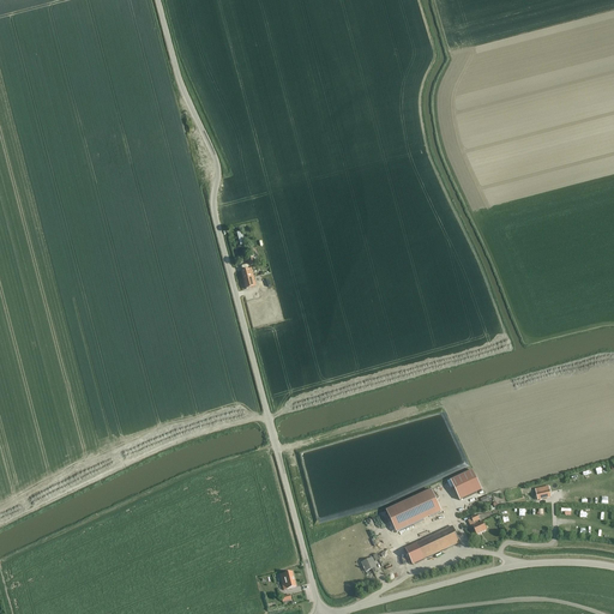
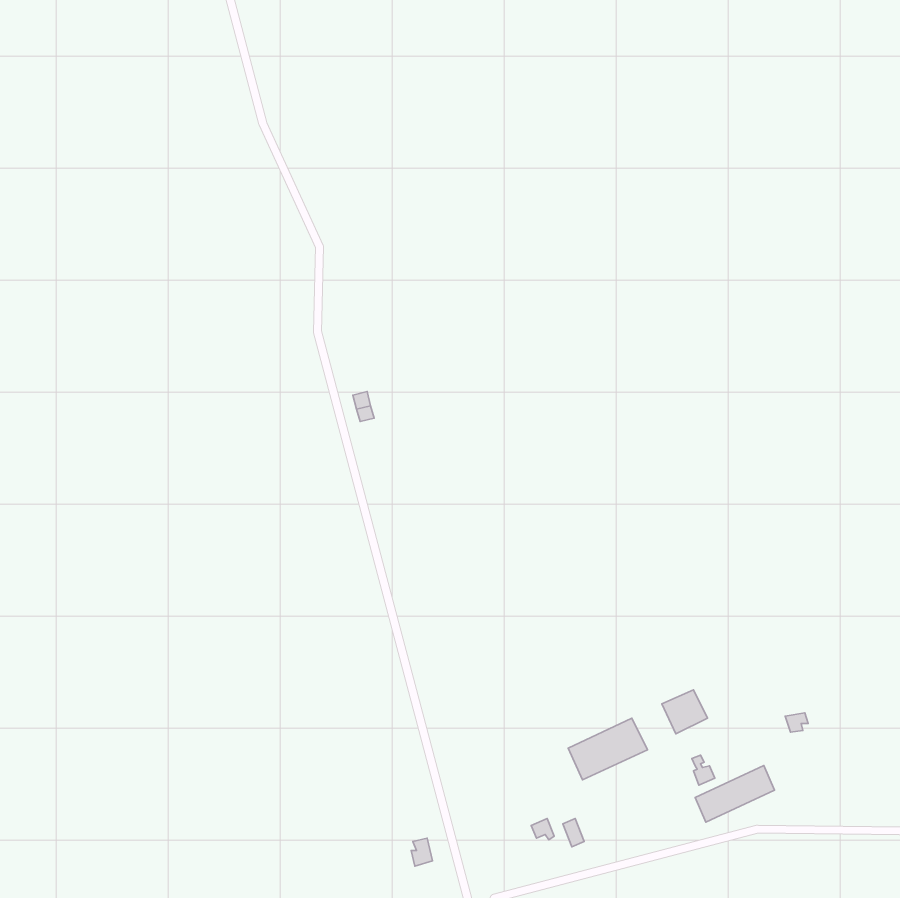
building: [404,524,458,562] -> [695,766,775,822]

